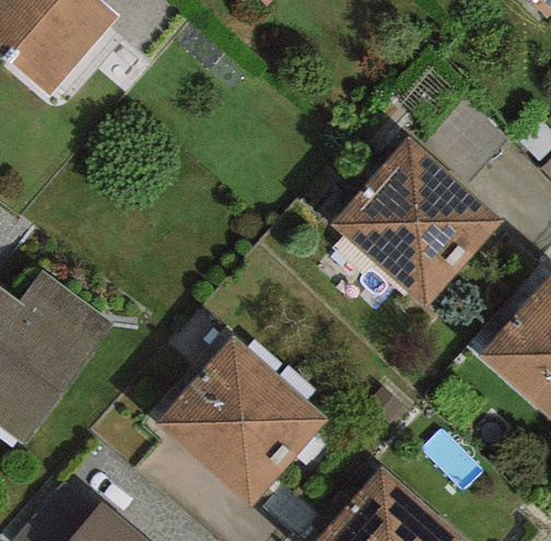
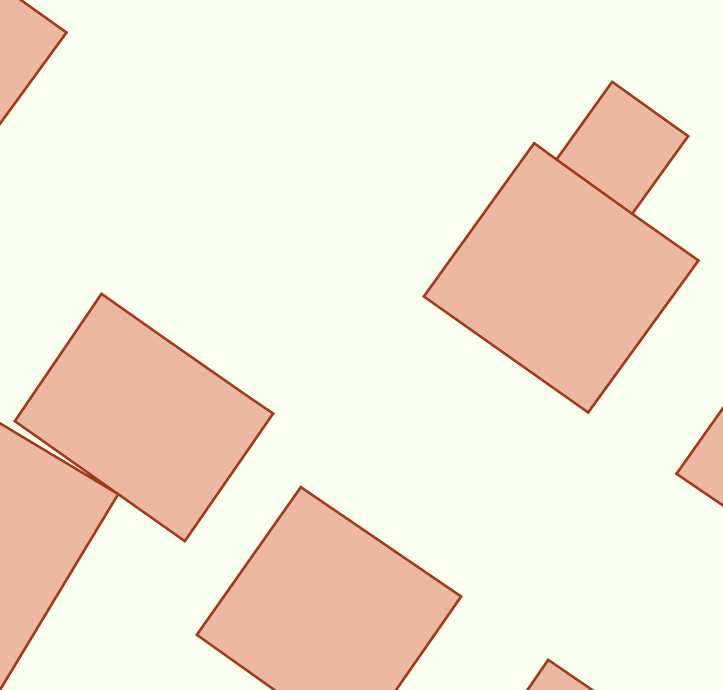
building: none -> [15,294,273,541]

